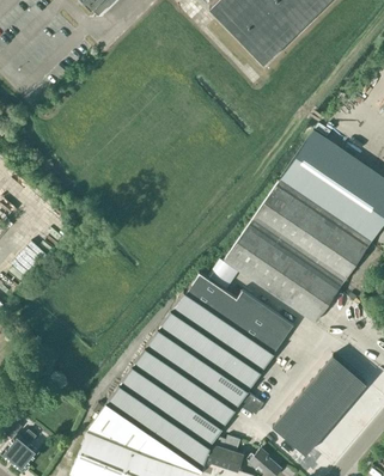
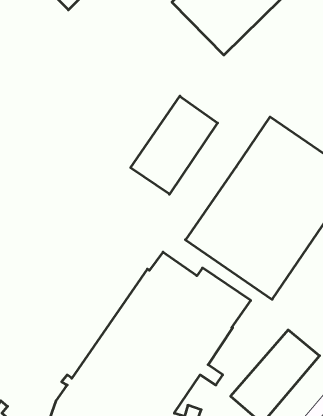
building: none -> [131,96,218,194]

